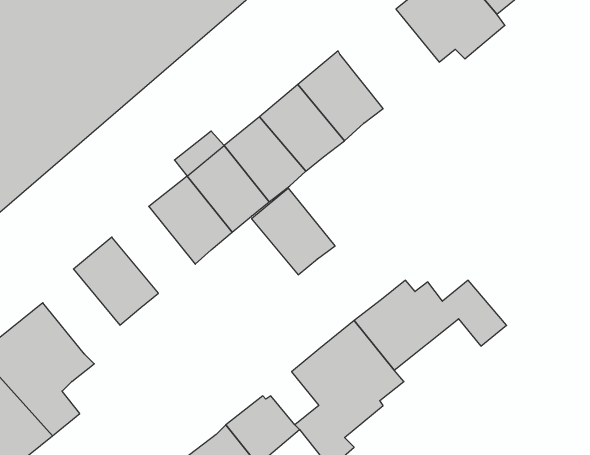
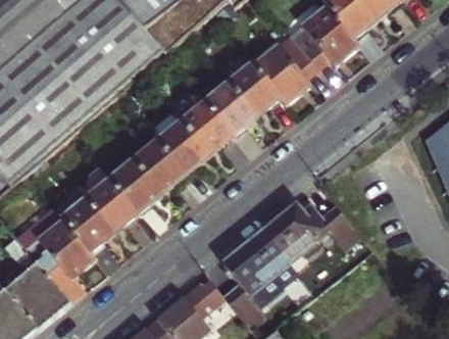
building: none -> [252,32,315,100]
building: [252,188,335,275] -> [107,157,160,212]
building: none -> [61,197,112,251]

